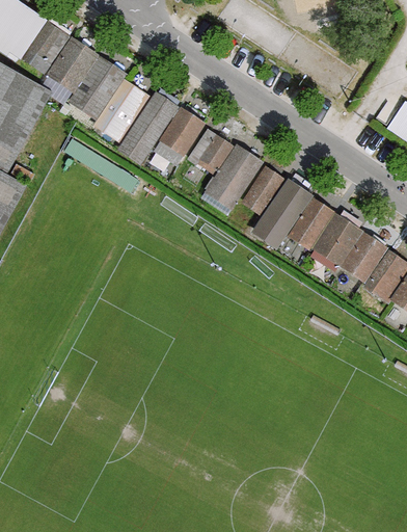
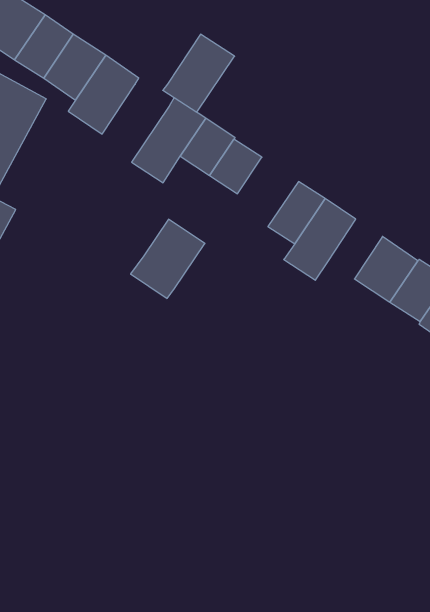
building: [93,80,155,147] -> [163,34,235,112]
building: [201,142,265,210] -> [131,219,205,298]
building: [290,195,336,246] -> none

